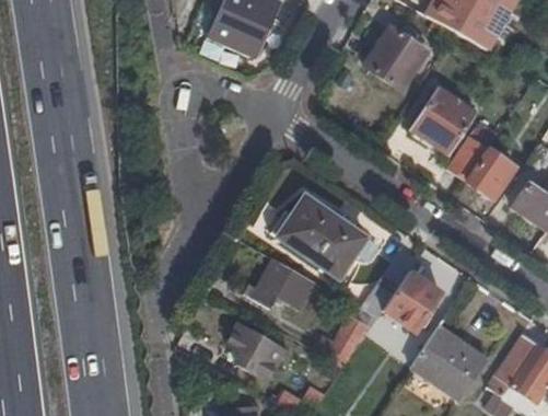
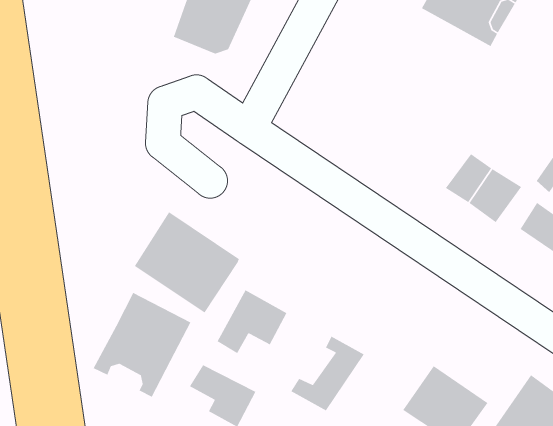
building: [366,25,430,90] -> none
building: [415,89,478,154] -> none
building: [273,189,366,279] -> [134,211,240,314]
building: none -> [92,292,191,398]
building: [383,267,442,330] -> none

